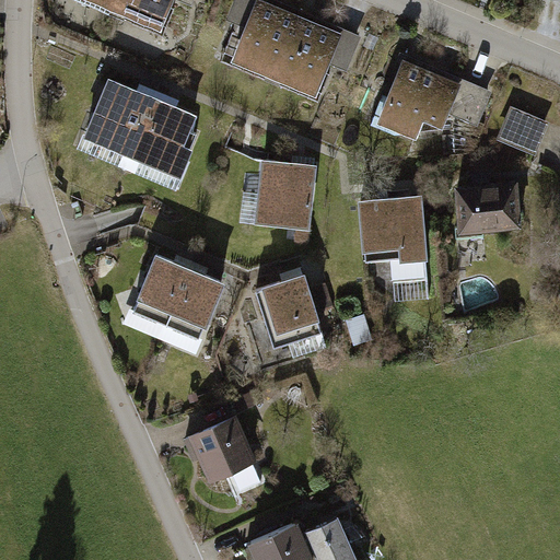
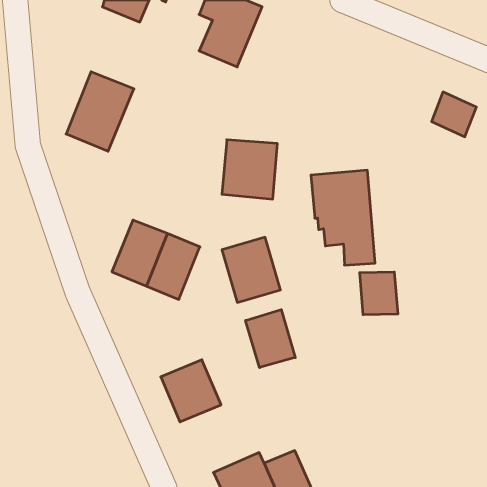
building: [273,10,361,97] -> none
building: [380,57,490,135] -> none
building: [126,104,208,198] -> none
building: [453,183,520,240] -> none
building: none -> [360,272,398,315]
building: none -> [246,310,295,368]

